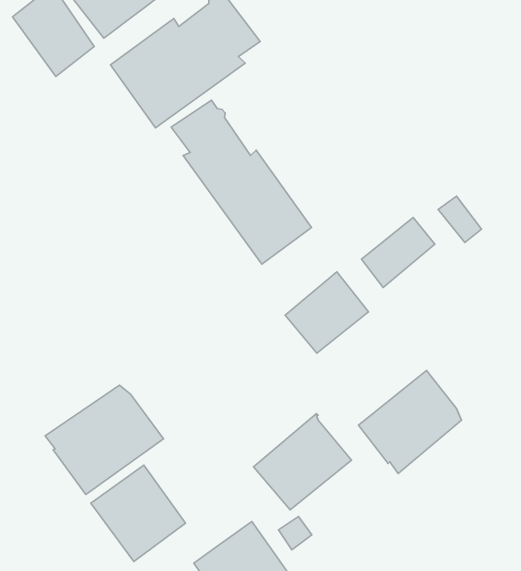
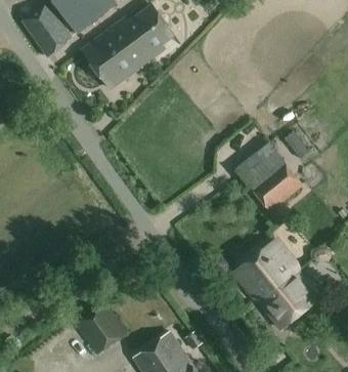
building: [171,100,311,264] -> none
building: [285,272,368,353] -> [250,160,301,210]
building: [45,385,163,494] -> none
building: [253,414,352,510] -> [259,268,319,328]

